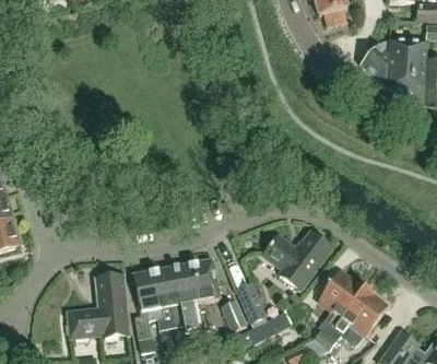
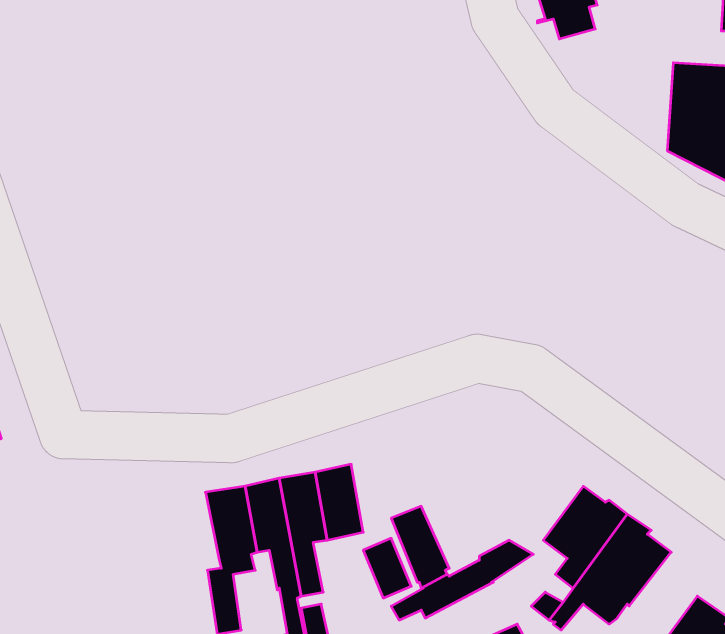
building: [361,38,389,86] -> none
building: [263,231,331,290] -> none
building: [68,274,130,337] -> none

